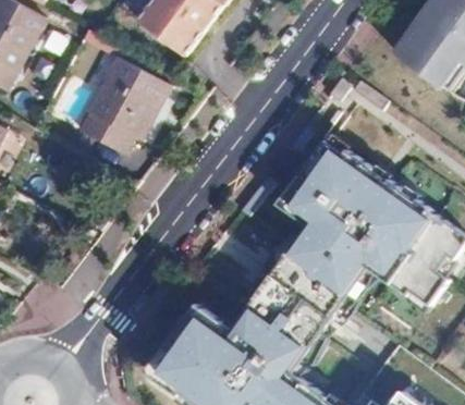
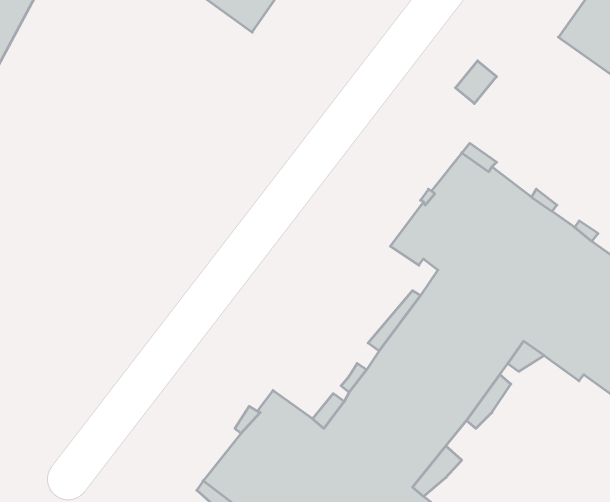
building: [81,58,168,154] -> none

